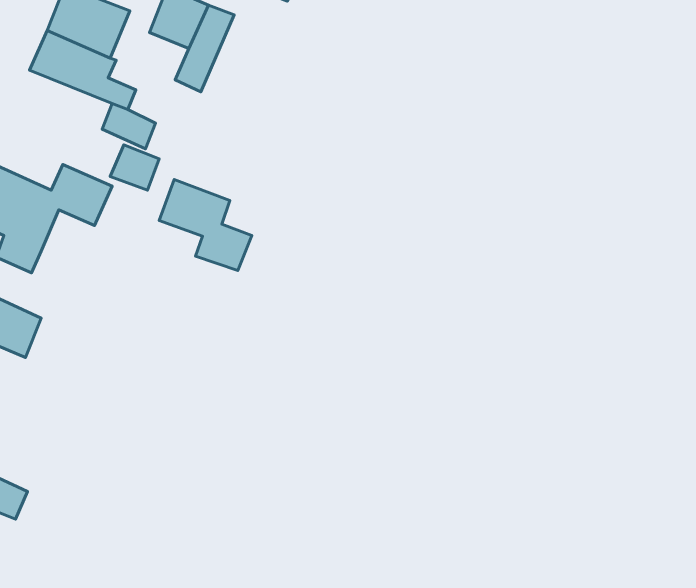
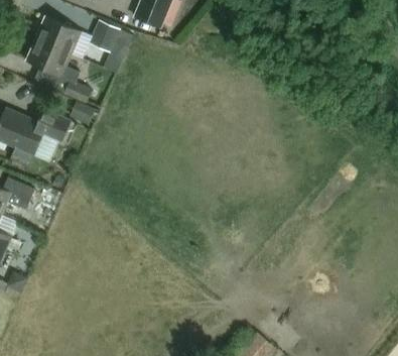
building: [159,180,252,270] -> none

